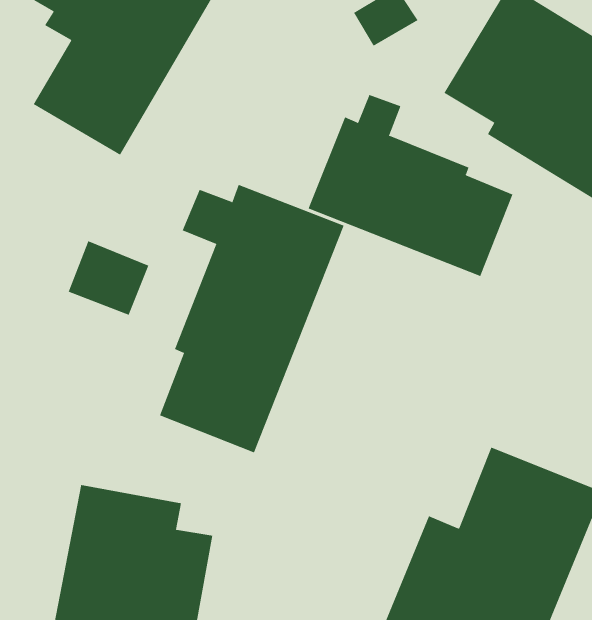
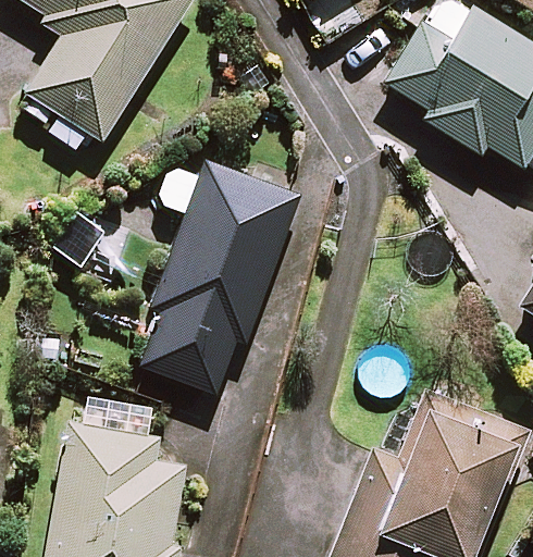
building: [308,94,513,277] -> none

